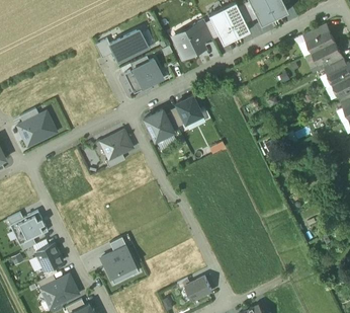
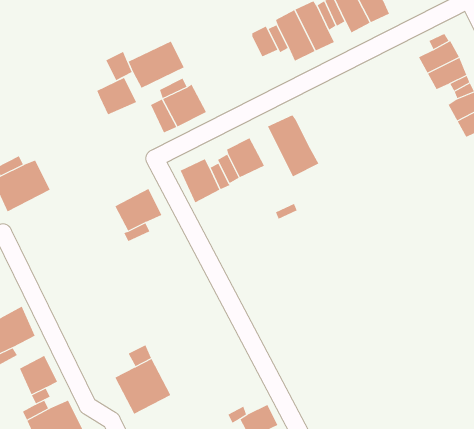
building: [173,27,203,58] -> none
building: none -> [96,77,137,115]
building: none -> [267,114,319,177]

